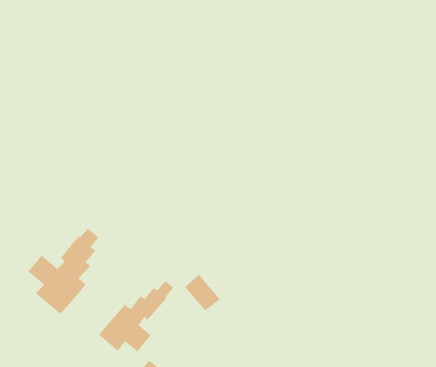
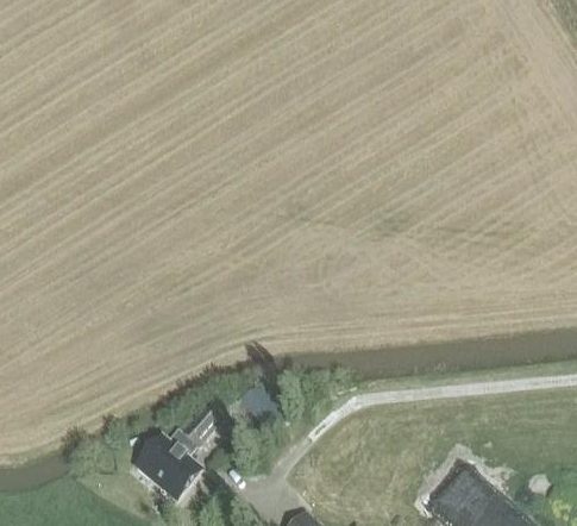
building: [27,228,99,315] -> none

